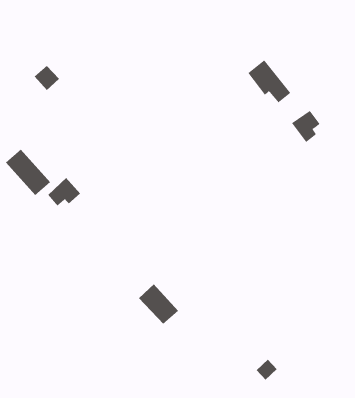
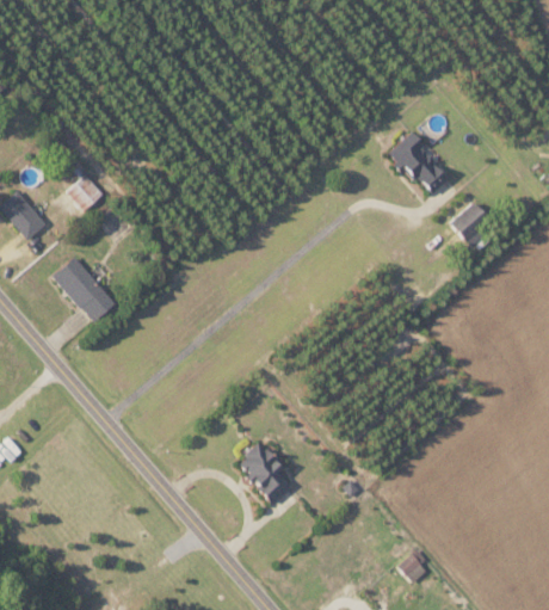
building: [34,65,60,91] -> [67,174,103,210]
building: [47,177,81,207] -> none

